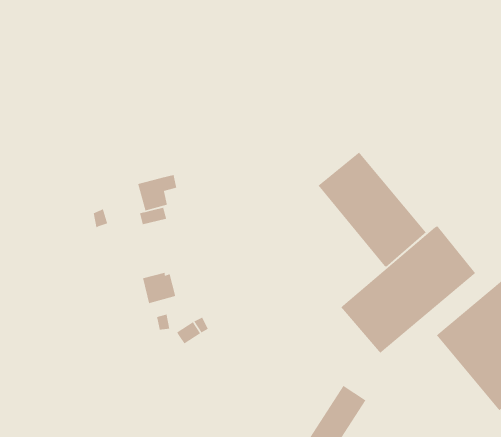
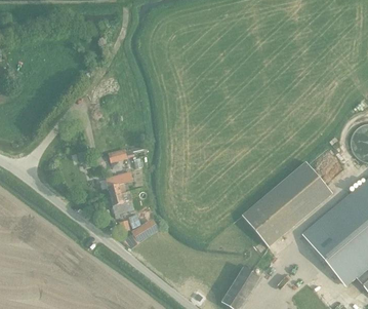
building: [317,151,427,268] -> none
building: [137,174,177,211] -> [105,171,131,196]

